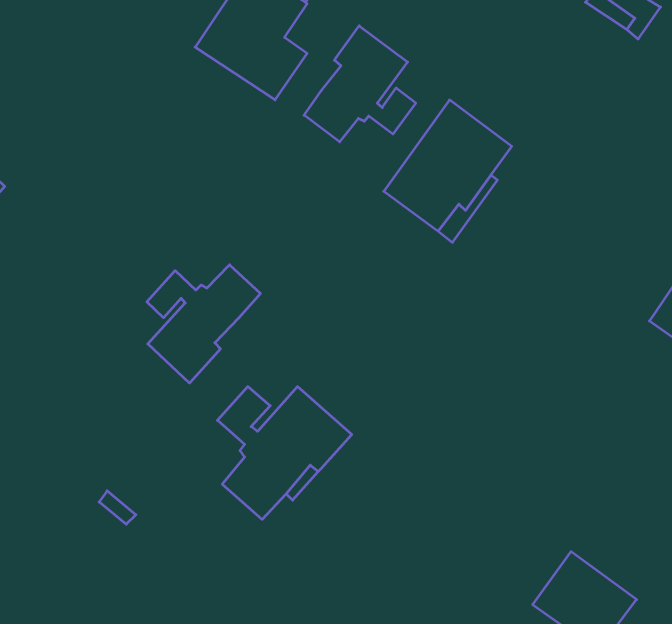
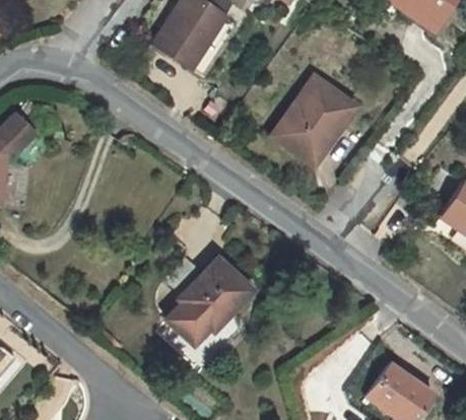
building: [304,26,416,142] -> none
building: [147,265,260,383] -> none

